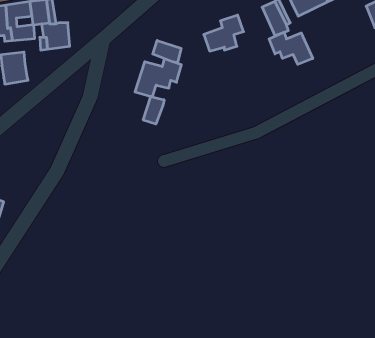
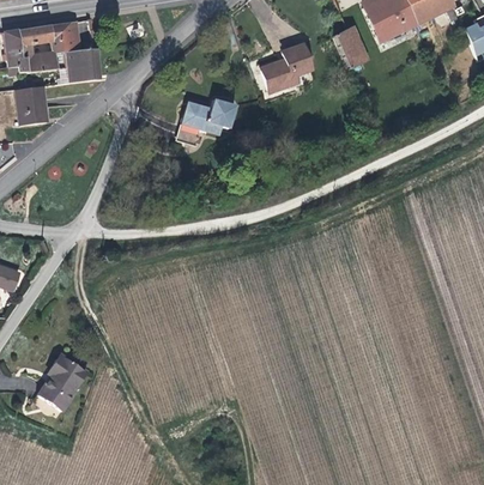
building: [269,32,313,64] -> none
building: [153,40,181,63] -> none
building: [143,96,164,124] -> none
building: none -> [36,354,84,411]

